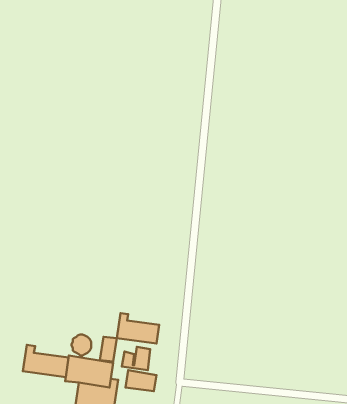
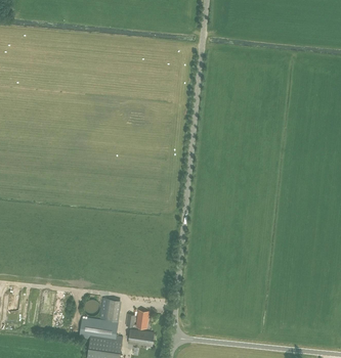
building: [117,313,159,343] -> none
building: [23,345,69,377] -> none

